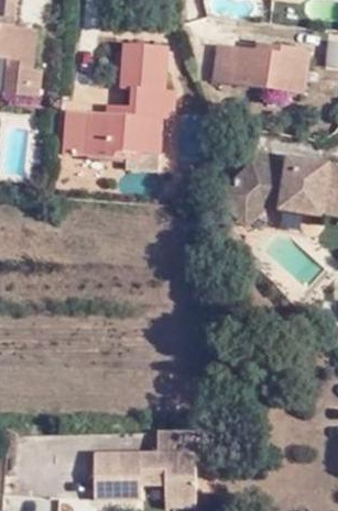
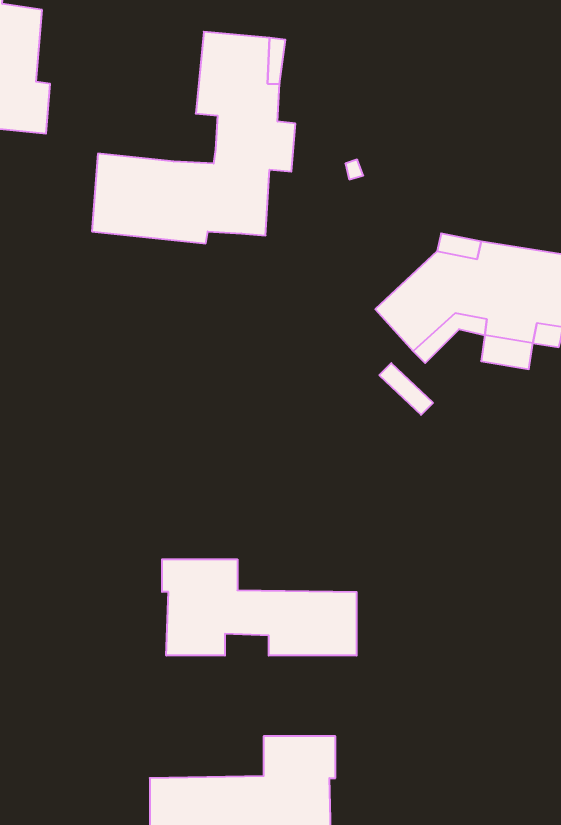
building: [211,44,309,93] -> none
building: none -> [162,559,357,656]

